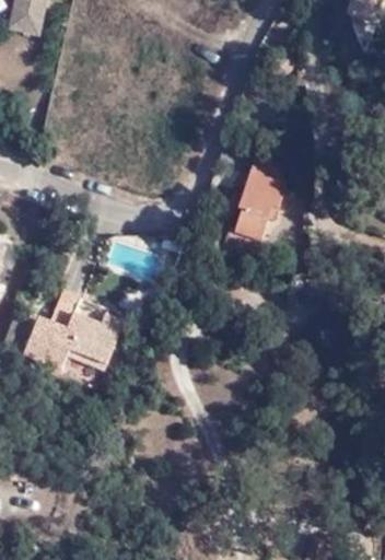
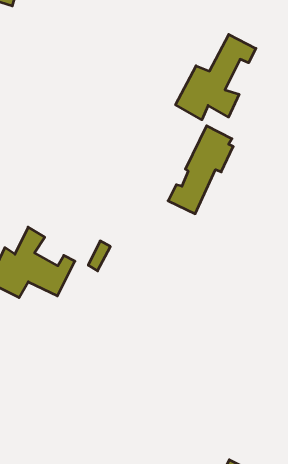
building: none -> [176,34,256,120]

